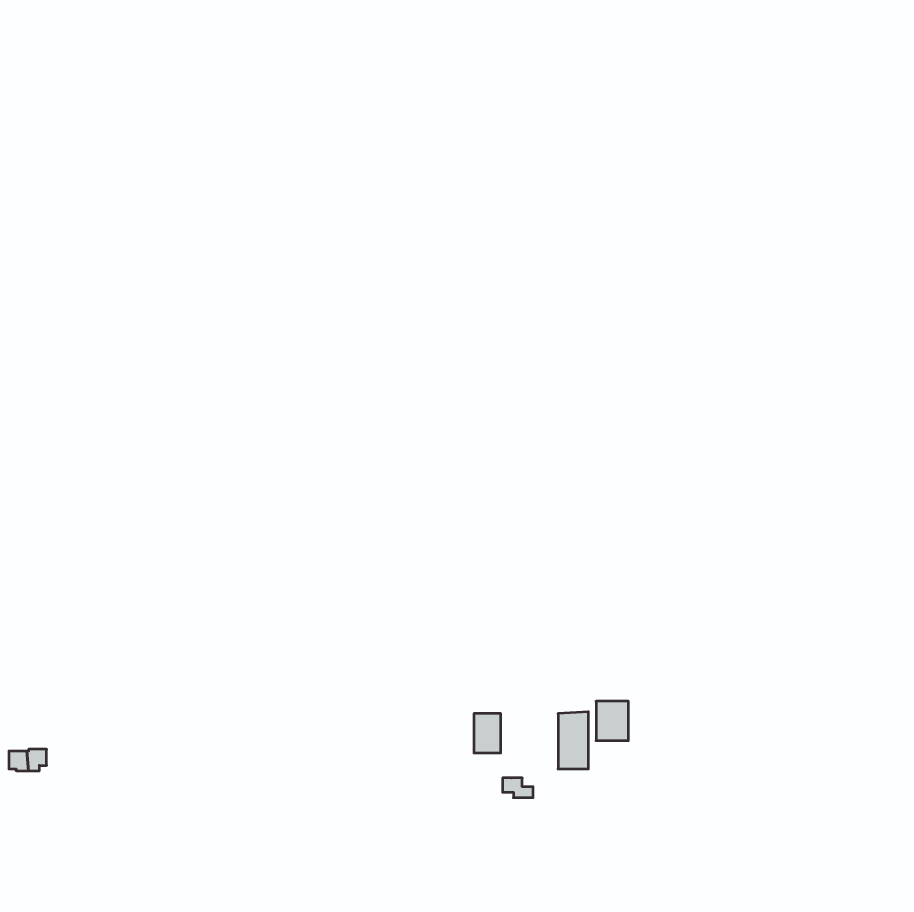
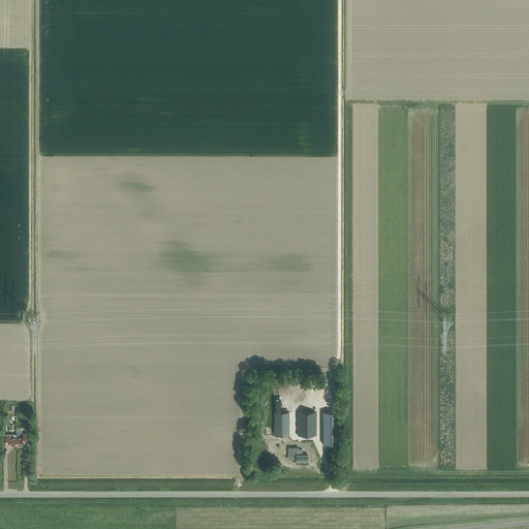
building: [596,701,628,741] -> [298,413,316,436]

